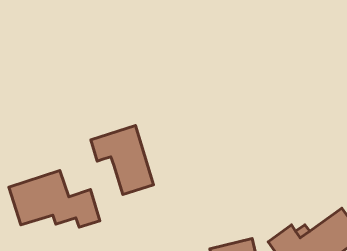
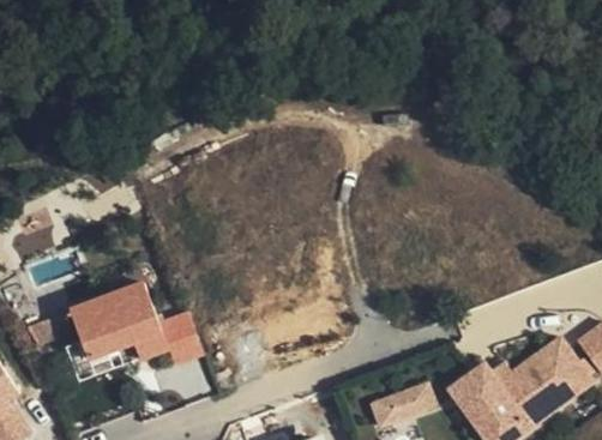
building: [91,125,154,194] -> none

